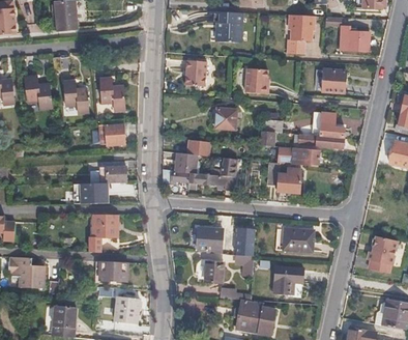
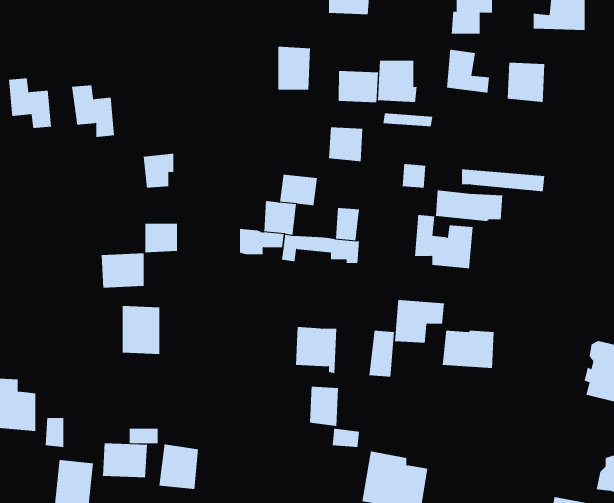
building: none -> [338,70,379,103]
building: [99,80,125,110] -> none
building: [319,110,345,136] -> [446,49,490,93]
building: [100,260,127,281] -> [102,443,148,478]
building: [271,265,301,291] -> [394,300,445,343]

